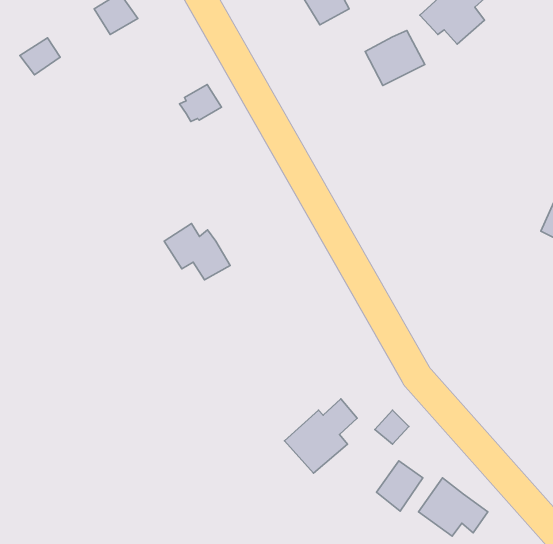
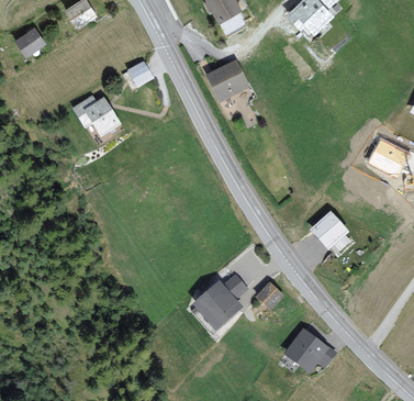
building: [365,31,425,85] -> [208,64,248,101]
building: [164,224,230,280] -> [72,97,118,135]
building: none -> [312,213,346,247]
building: [377,461,423,511] -> none

